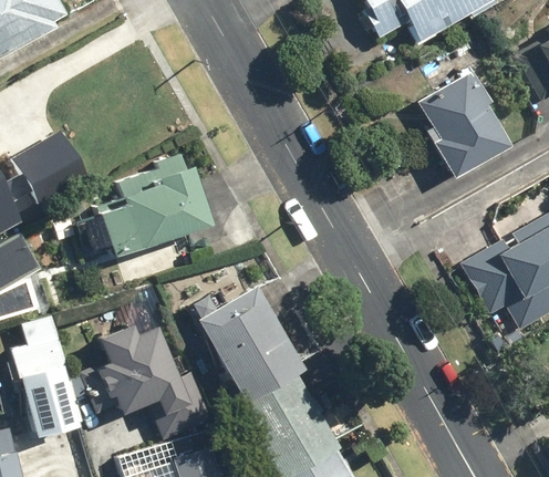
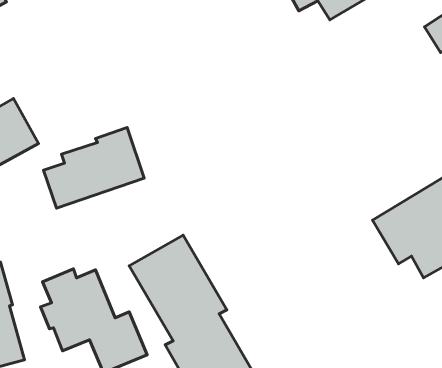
building: [410,77,504,174] -> none

